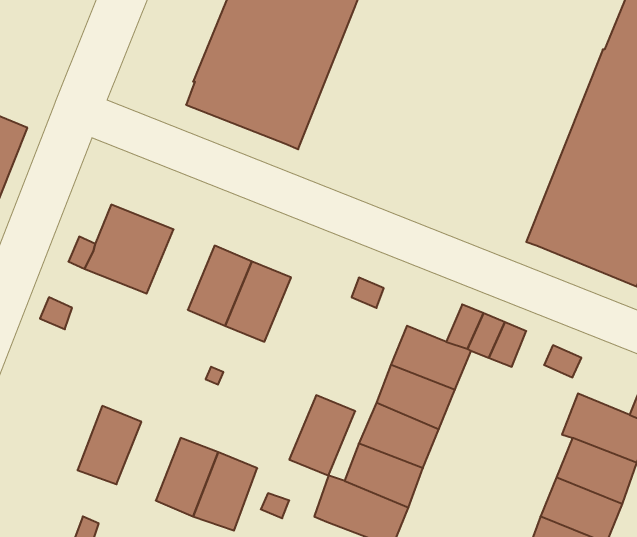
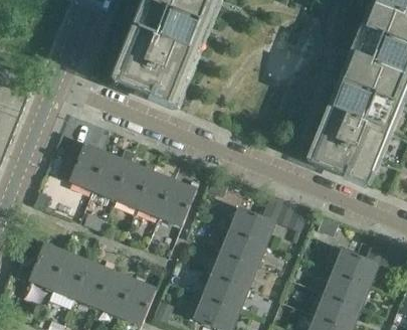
building: none -> [91,154,130,199]
building: none -> [29,244,66,290]
building: [289,395,355,475] -> [158,181,195,226]
building: none -> [74,263,111,307]

